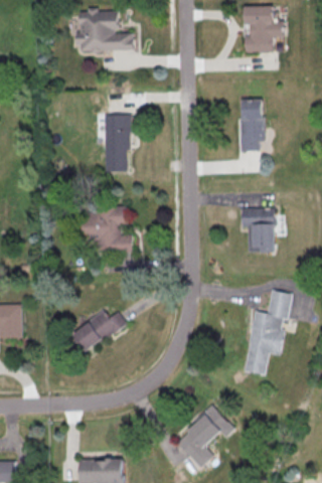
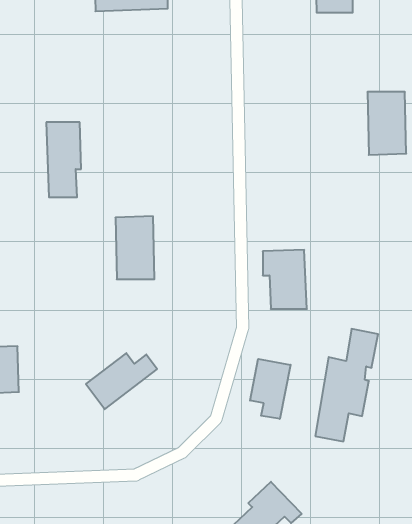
building: [239,105,269,152] -> [367,92,406,155]
building: [104,115,130,171] -> [46,122,81,197]
building: [243,208,276,253] -> [263,250,307,309]
building: none -> [250,359,291,419]

